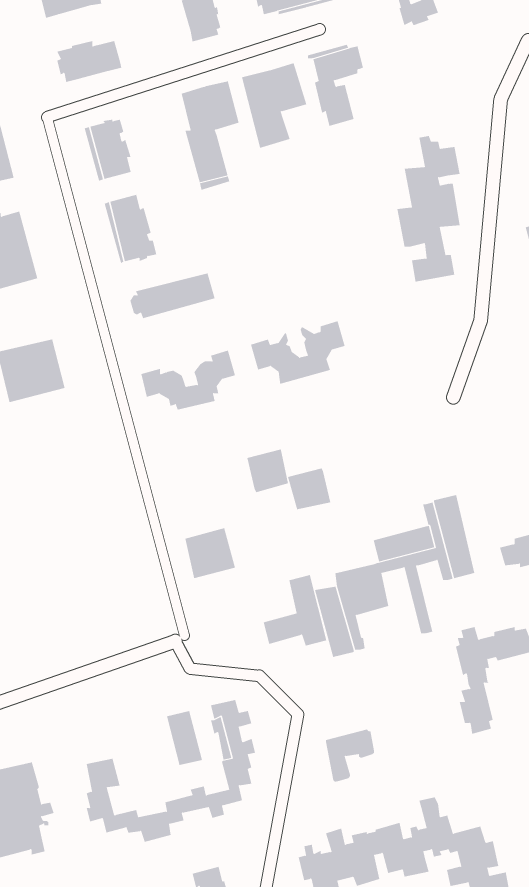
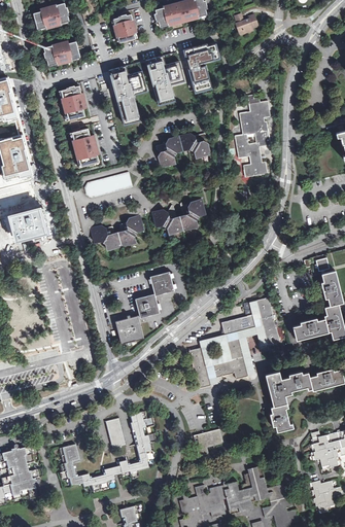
building: none -> [156,133,210,167]
building: [287,468,331,510] -> [135,293,160,317]
building: [263,575,327,646] -> [212,338,248,378]

